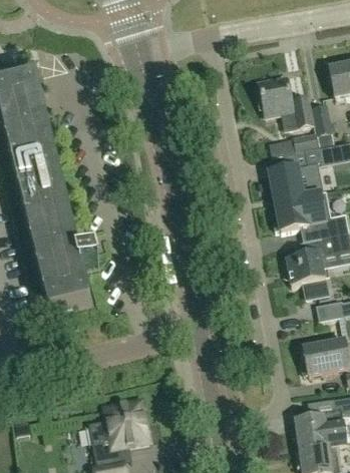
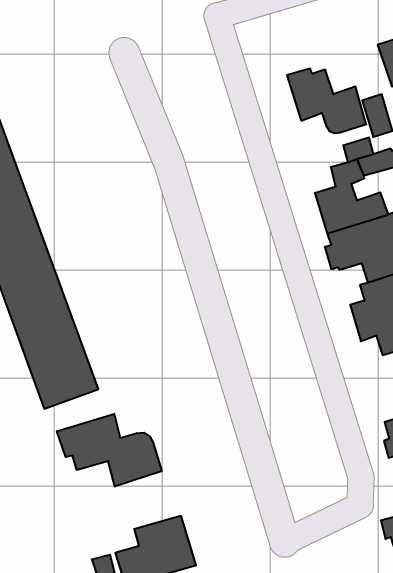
building: none -> [57,414,162,487]

